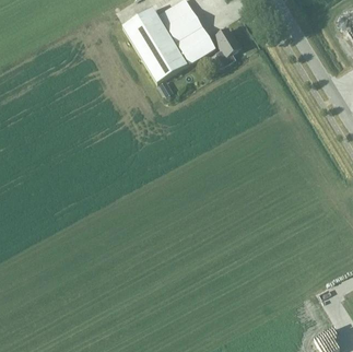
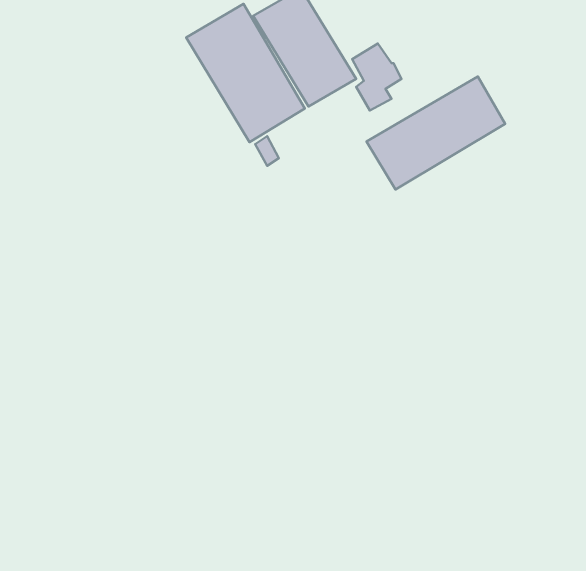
building: none -> [366,76,505,189]

